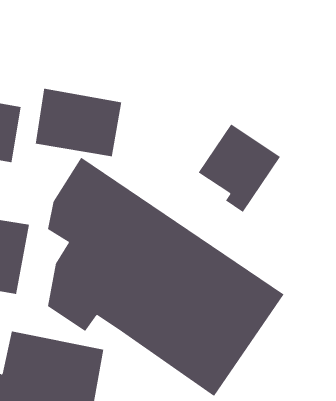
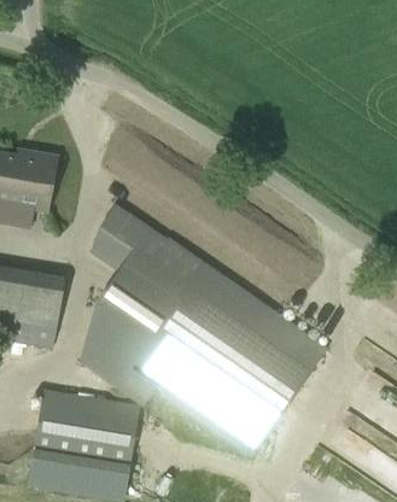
building: [35,88,122,157] -> none
building: [198,123,281,213] -> none

